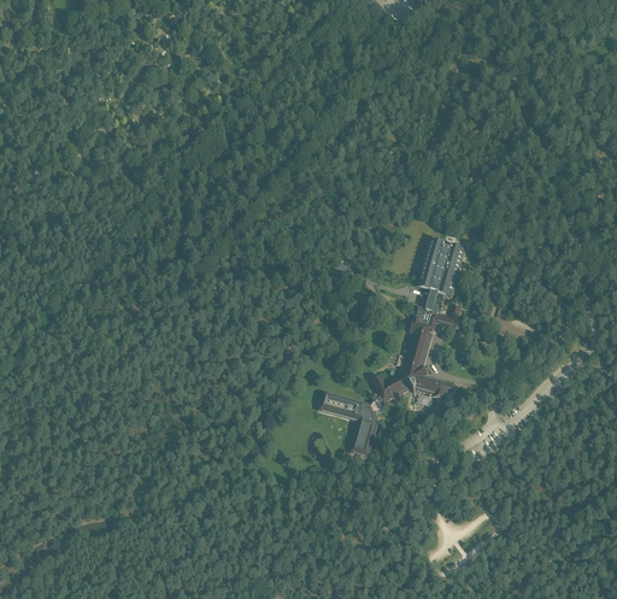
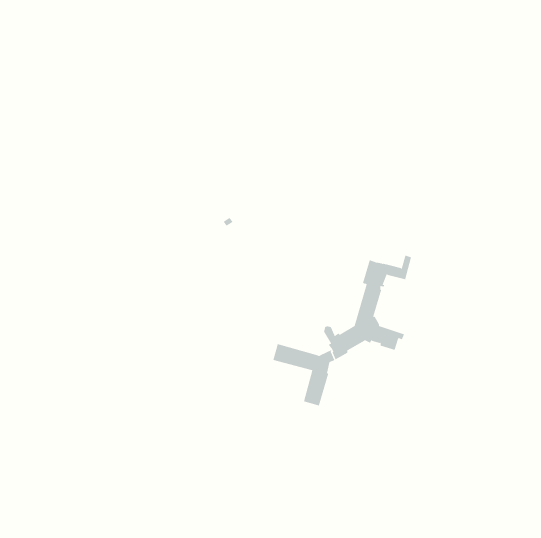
building: [419,240,465,310] -> none

